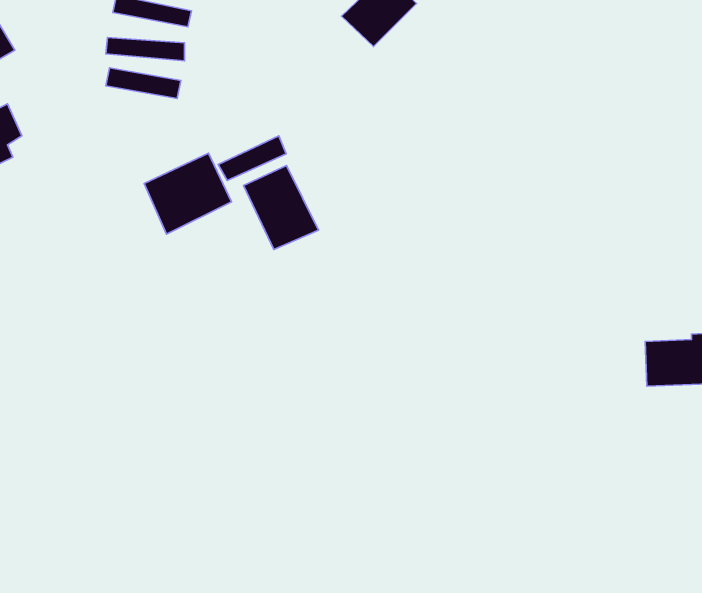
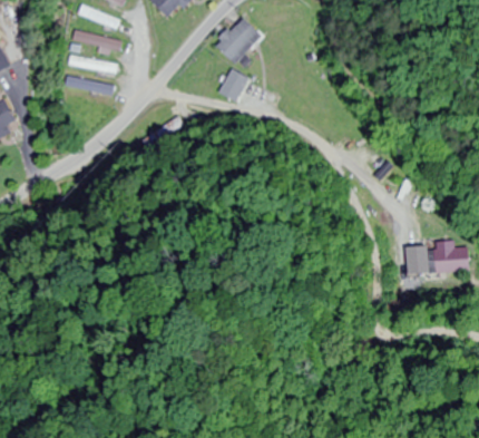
building: none -> [216,68,247,101]
building: [144,153,231,234] -> none
building: [244,165,319,250] -> none

